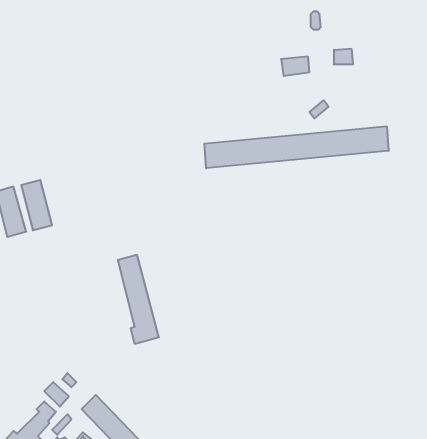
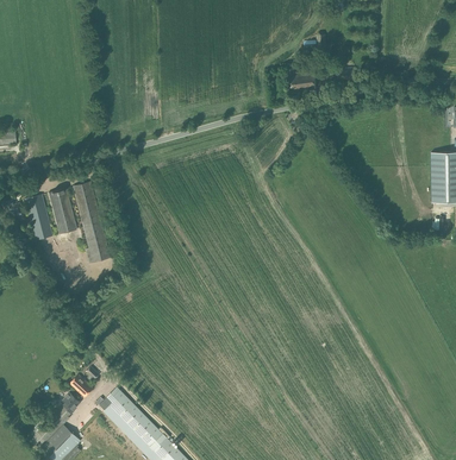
building: [204,126,389,168] -> none
building: [118,255,159,344] -> [73,181,111,263]

